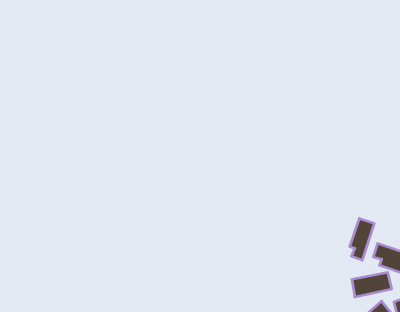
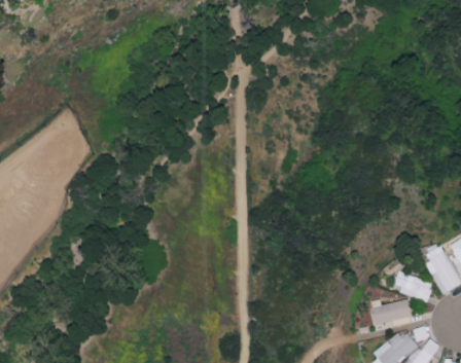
building: [350,218,374,260] -> none

